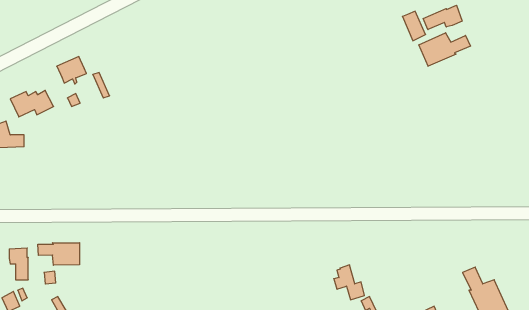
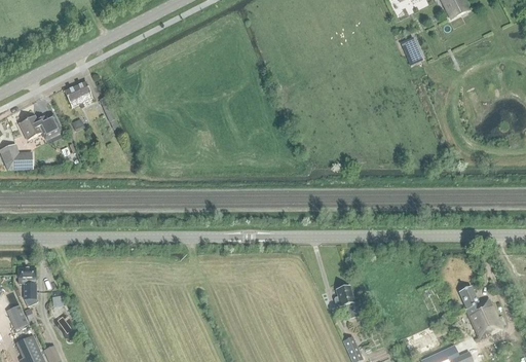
building: [423,5,462,30] -> none
building: [419,33,471,66] -> none
building: [38,243,80,265] -> none

